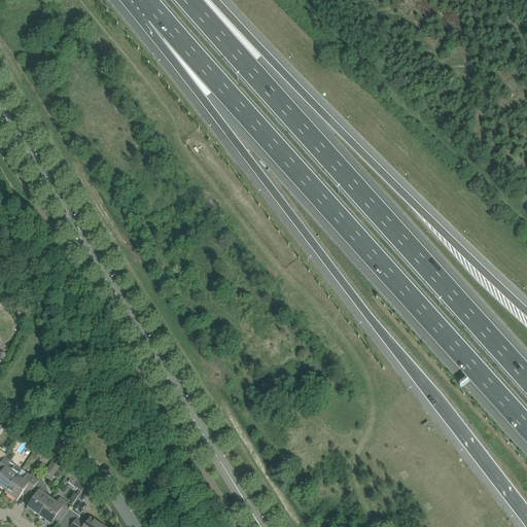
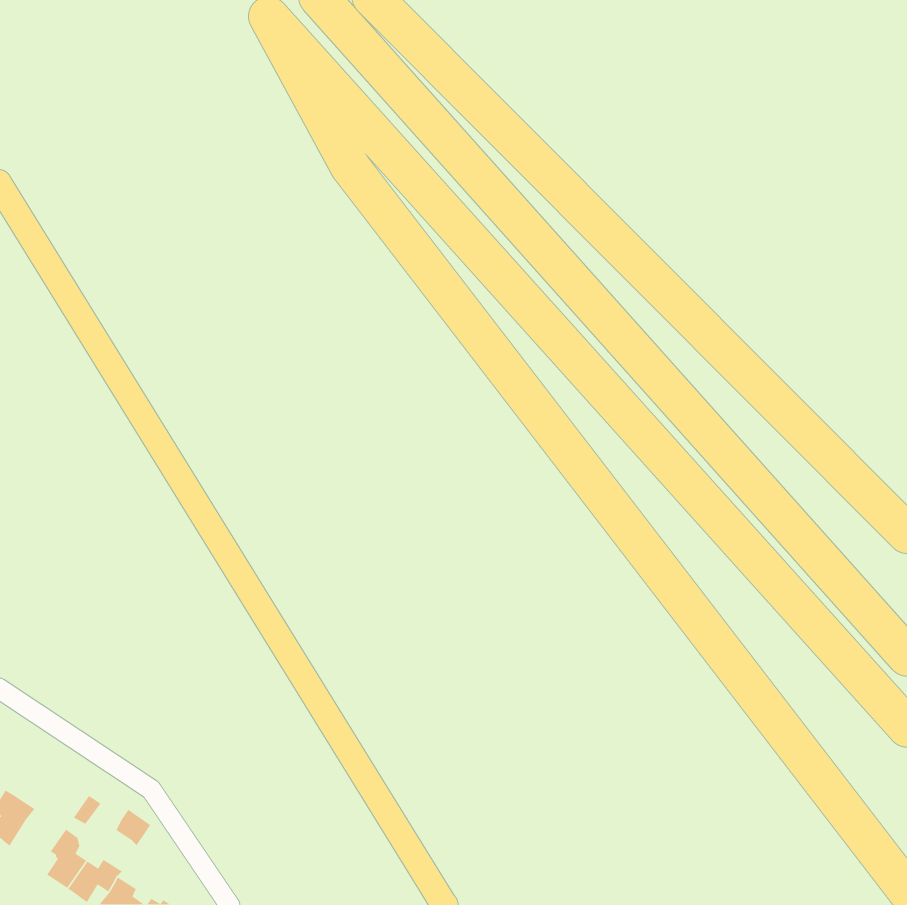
building: [5,468,38,499] -> none

